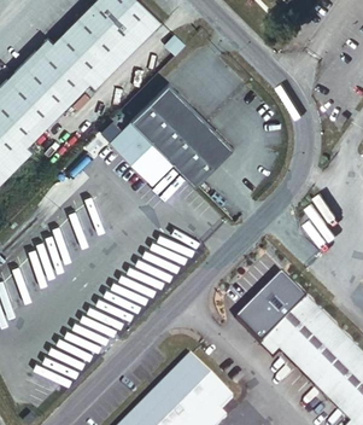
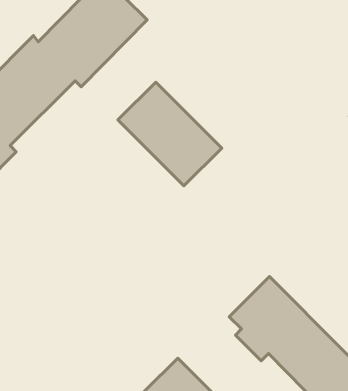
building: [110,120,175,184] -> none

